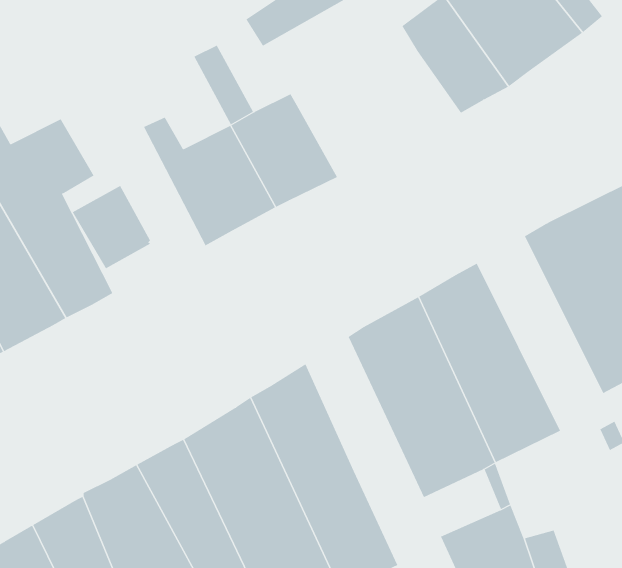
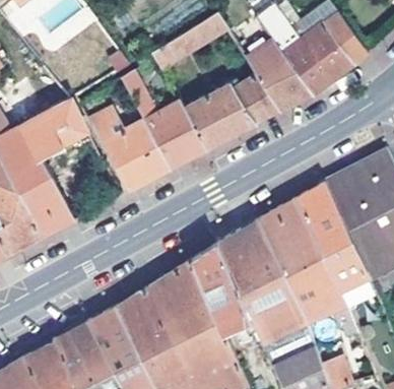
building: none -> [184,73,282,149]
building: [72,185,151,269] -> [41,98,88,148]
building: none -> [292,185,373,303]
building: none -> [189,246,247,327]

